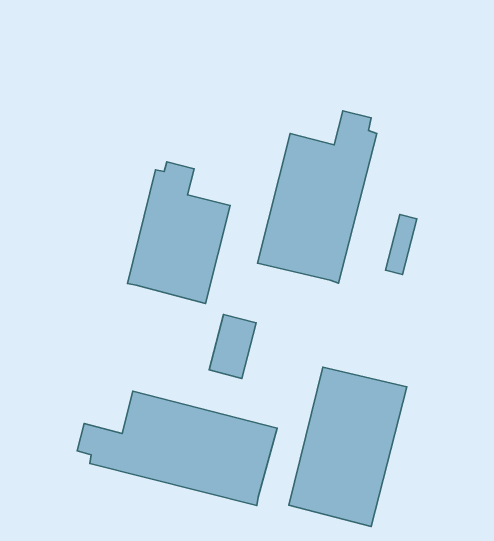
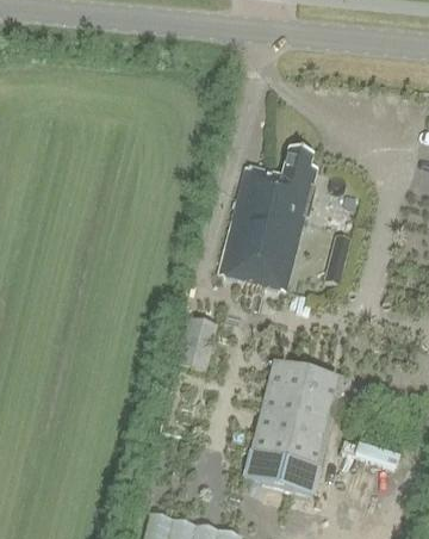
building: [128,162,230,304] -> none
building: [77,391,277,506] -> none

